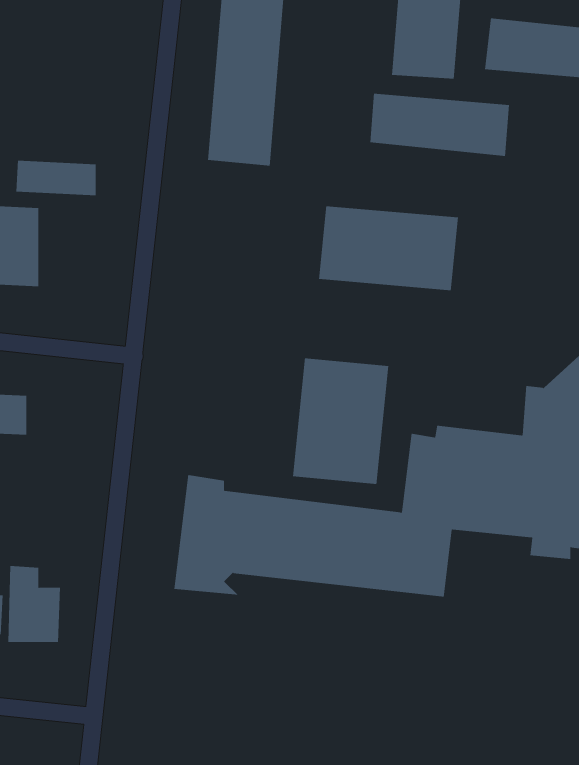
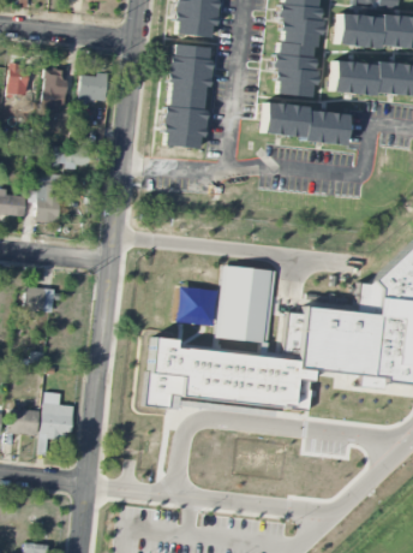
building: none -> [44,69,70,107]
building: none -> [80,73,108,101]
building: [319,205,458,291] -> none

